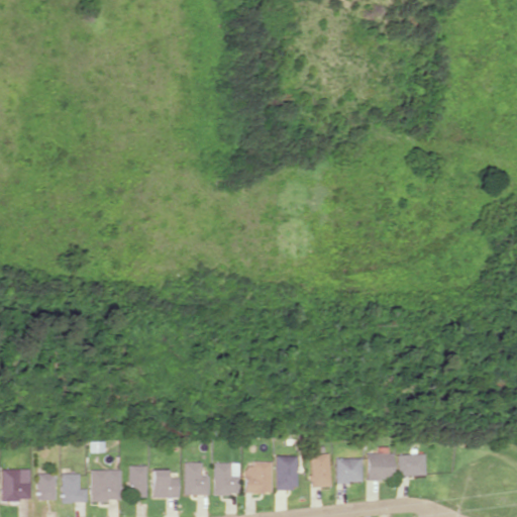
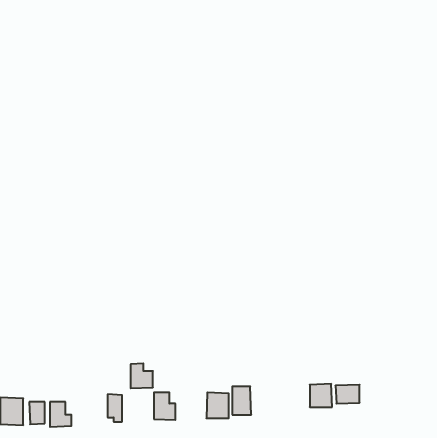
building: [311,453,331,487] -> none
building: [336,457,363,483] -> none
building: [213,462,239,495] -> none
building: [152,469,179,498] -> [131,363,153,388]
building: [90,470,121,502] -> none

